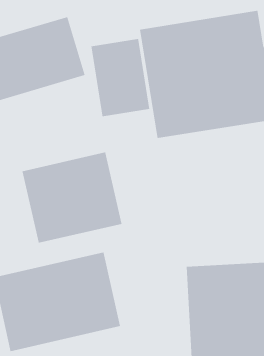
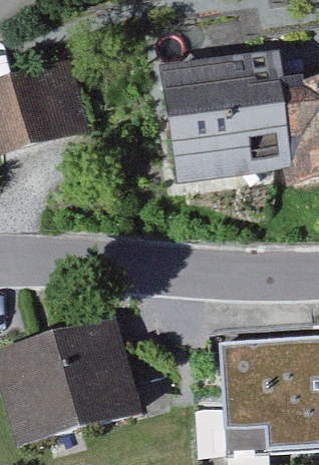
building: [91,38,150,117] -> none
building: [22,152,122,244] -> none

